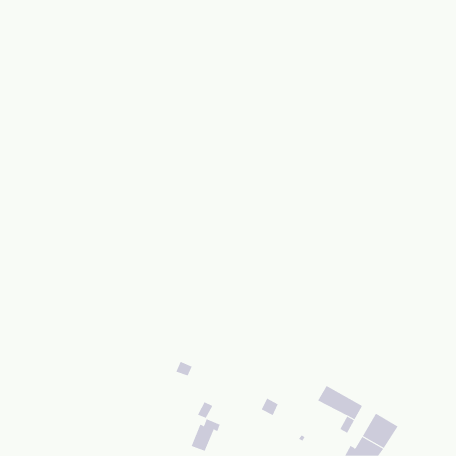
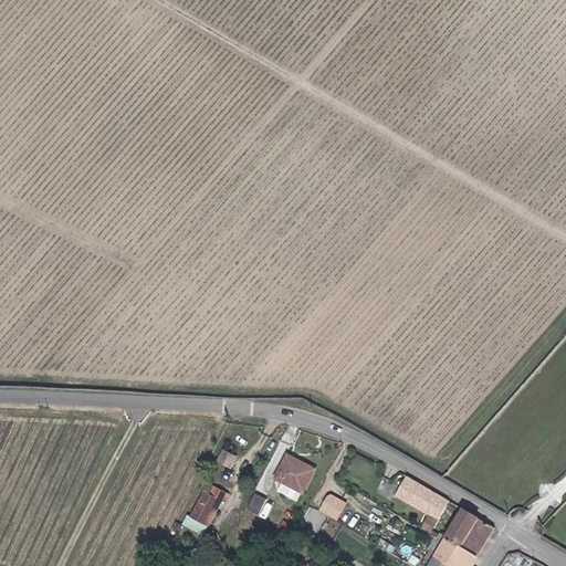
building: none -> [273,458,310,492]
building: [191,418,220,452] -> [187,491,223,532]

